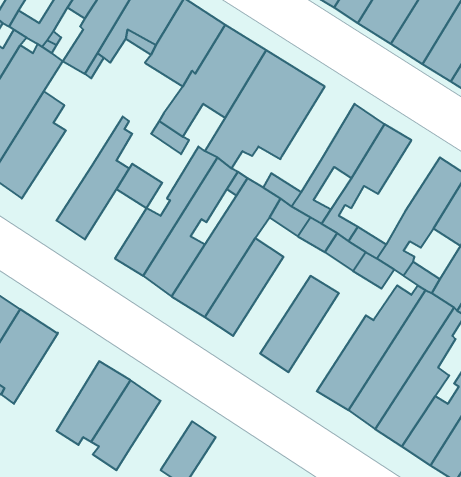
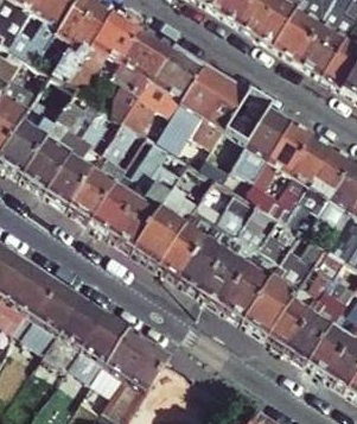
building: none -> [20,88,102,192]
building: none -> [216,91,270,150]
building: none -> [288,132,334,185]
building: none -> [68,169,114,221]
building: none -> [179,220,237,292]
building: none -> [221,247,280,321]
building: none -> [14,277,78,350]
building: none -> [101,328,148,380]

